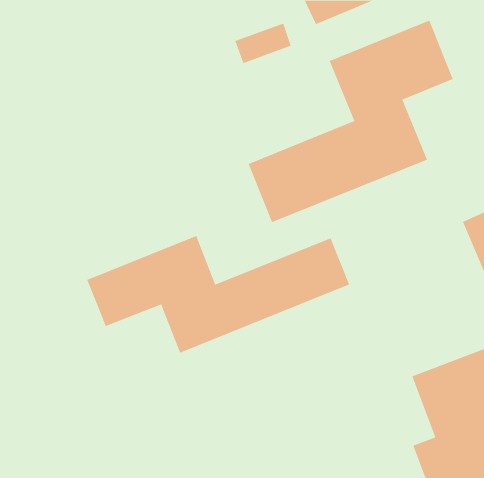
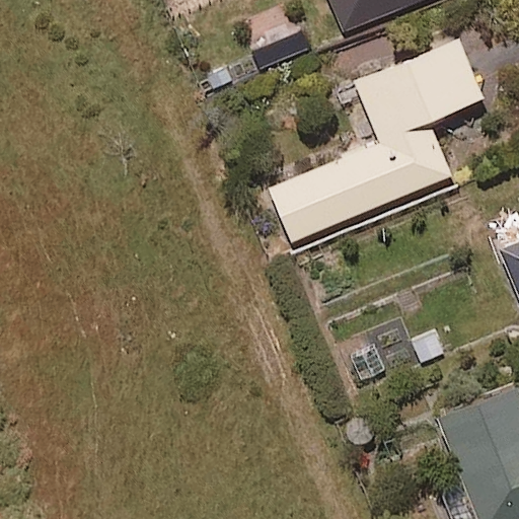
building: [86,235,350,354] -> none

